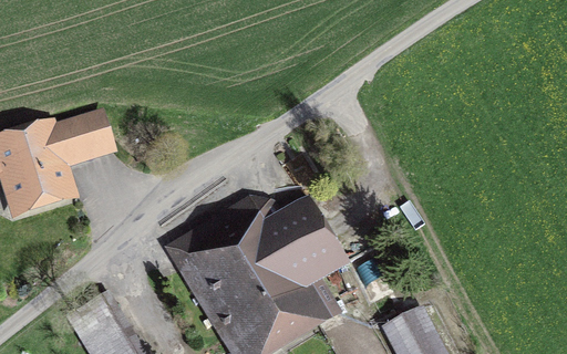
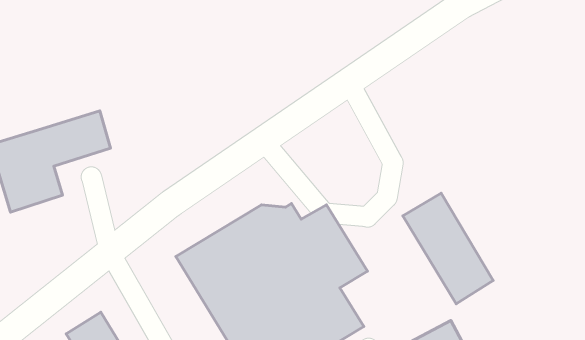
building: none -> [403,193,493,304]

